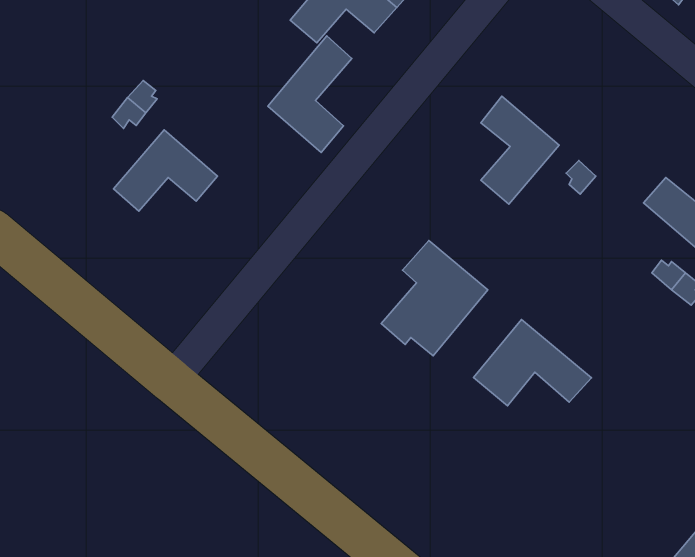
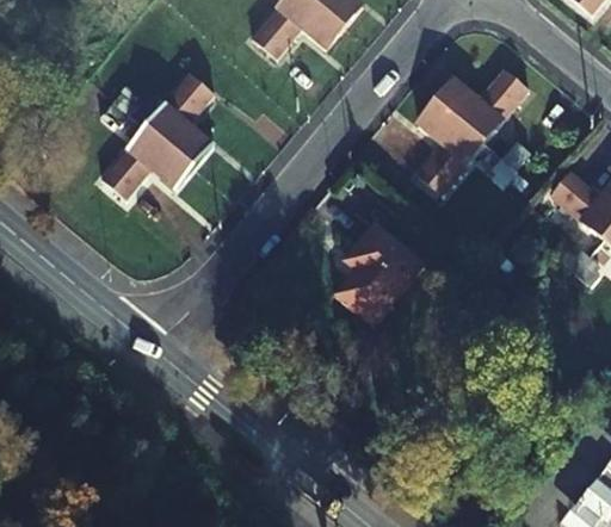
building: none -> [433,49,541,143]
building: [268,36,352,152] -> [146,70,217,169]
building: [473,319,591,406] -> none

